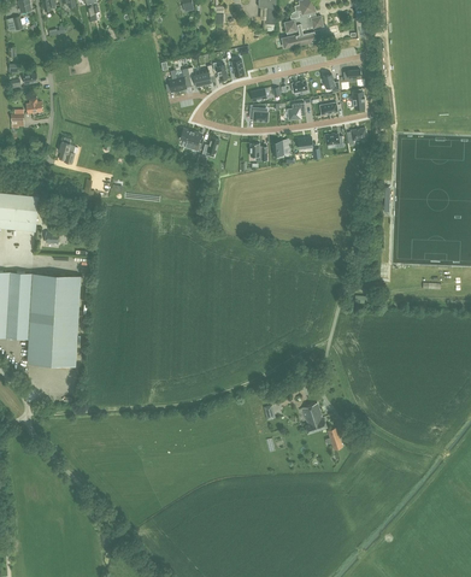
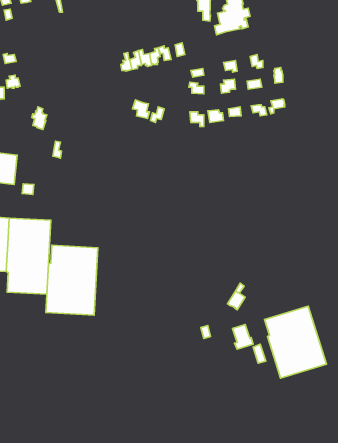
building: none -> [46,245,98,315]
building: none -> [265,306,326,378]

